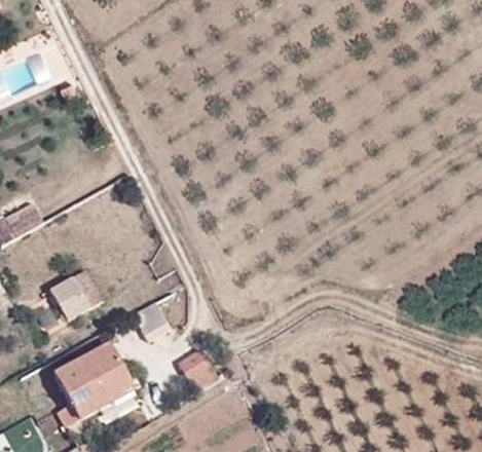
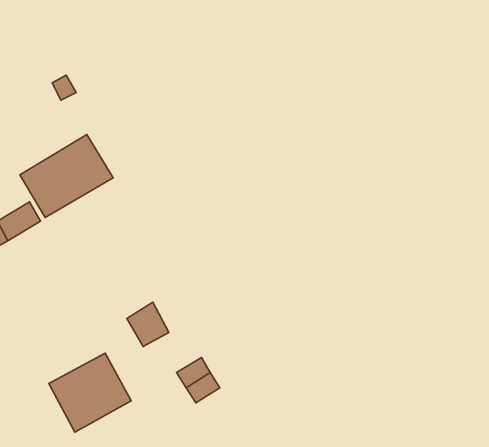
building: none -> [20,135,113,218]
building: [47,267,104,319] -> none

